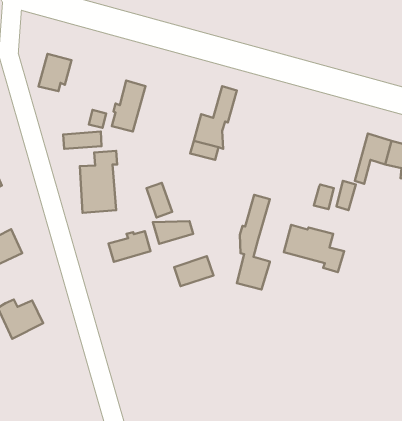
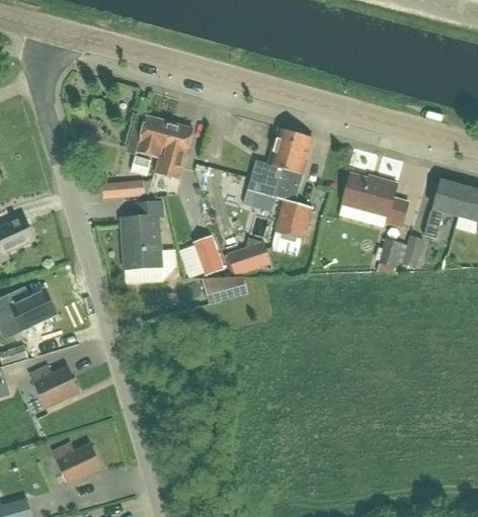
building: [38,54,71,91] -> [135,115,171,157]
building: [237,195,270,290] -> [274,134,311,239]
building: [284,225,344,272] -> [341,173,408,226]
building: [108,231,150,262] -> none
building: [174,256,213,286] -> [229,241,272,274]
building: none -> [51,443,101,486]

